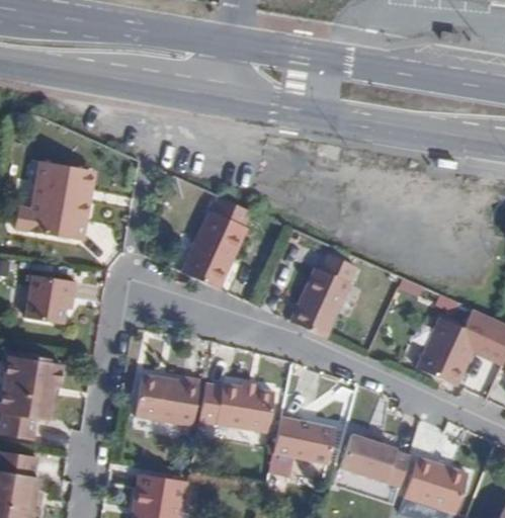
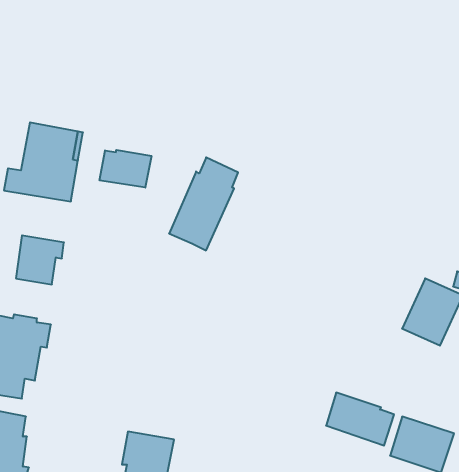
building: none -> [100,150,151,188]
building: [290,254,357,338] -> none
building: [136,375,200,426] -> none
building: [199,383,273,432] -> none
building: [272,417,336,464] -> none

